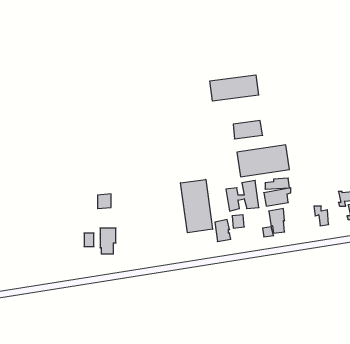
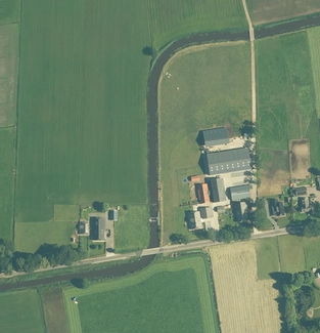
building: [210,75,259,101] -> none
building: [181,179,213,233] -> none

